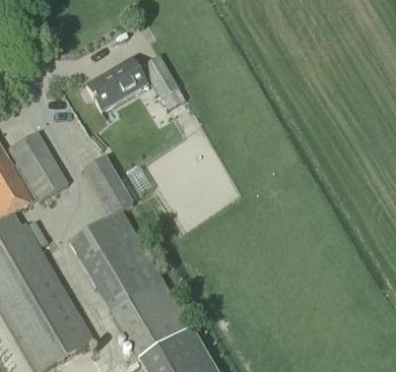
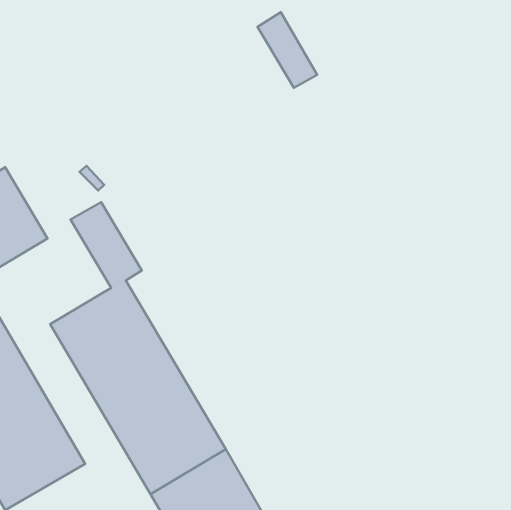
building: [141,53,183,106] -> [257,12,317,88]
building: [85,55,145,108] -> none

